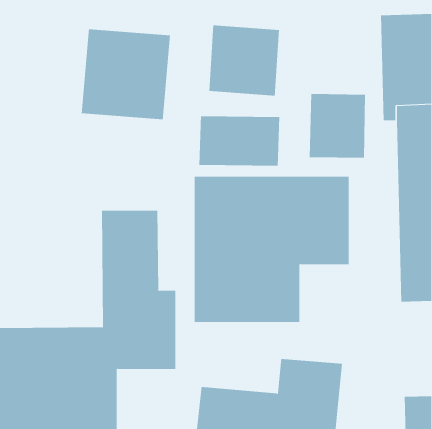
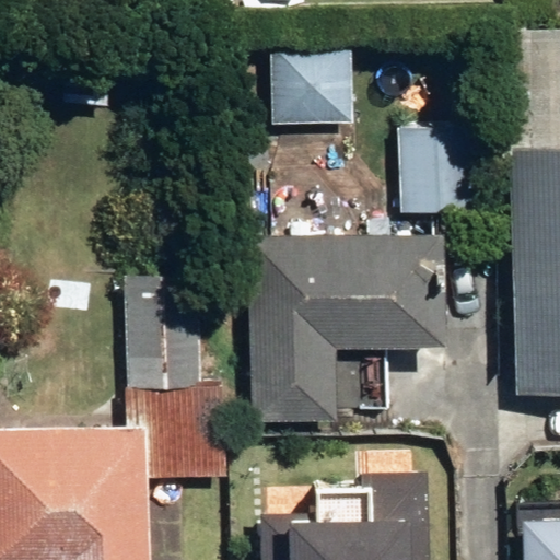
building: [81,29,171,120] -> none
building: [199,115,280,167] -> none

